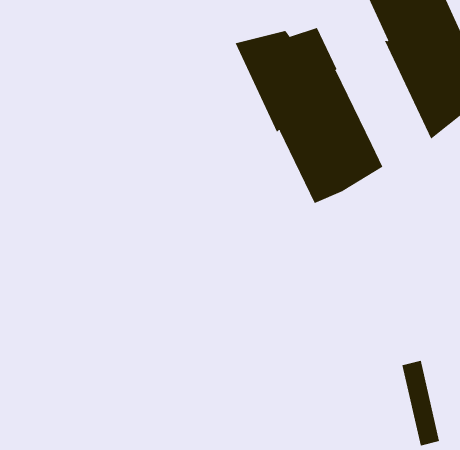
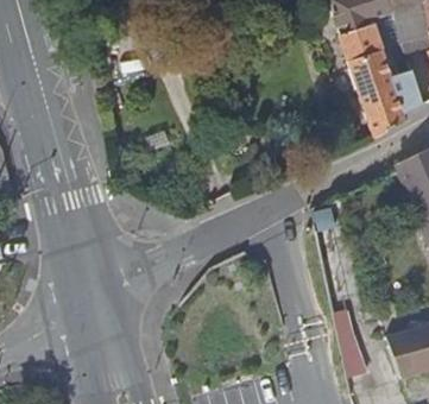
building: [235,27,383,204] -> none

